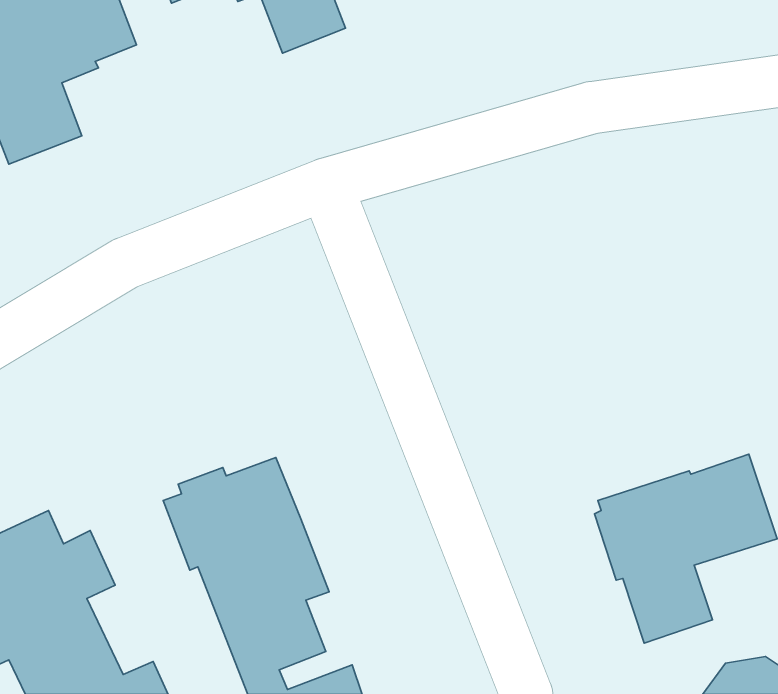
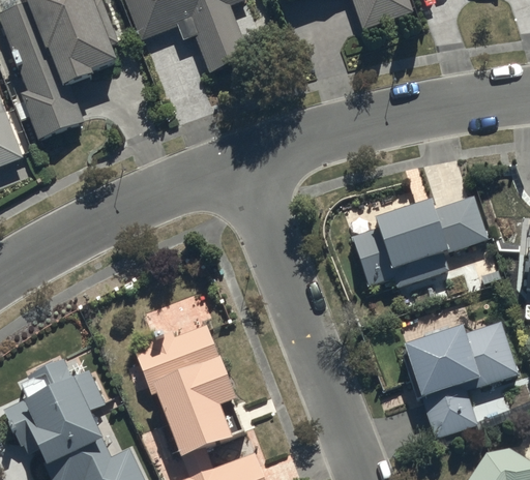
building: none -> [350,194,488,288]

